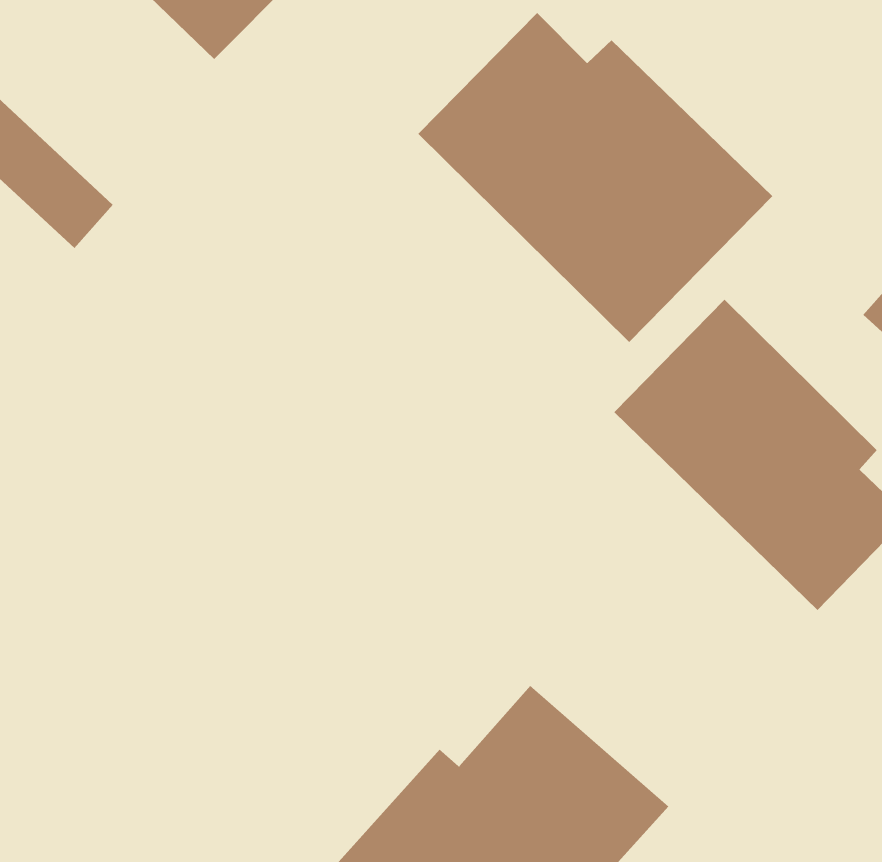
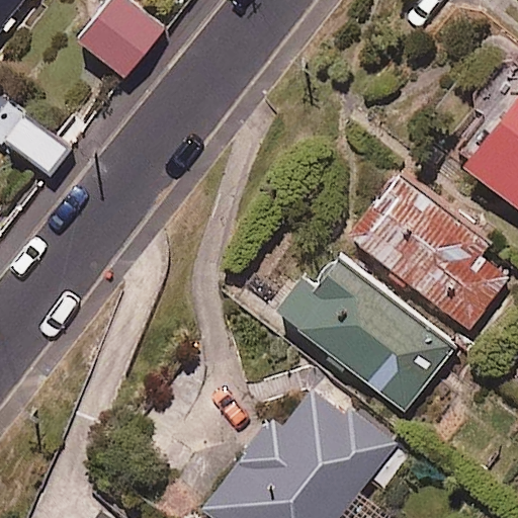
building: [418,12,773,343] -> none
building: none -> [280,250,455,413]

